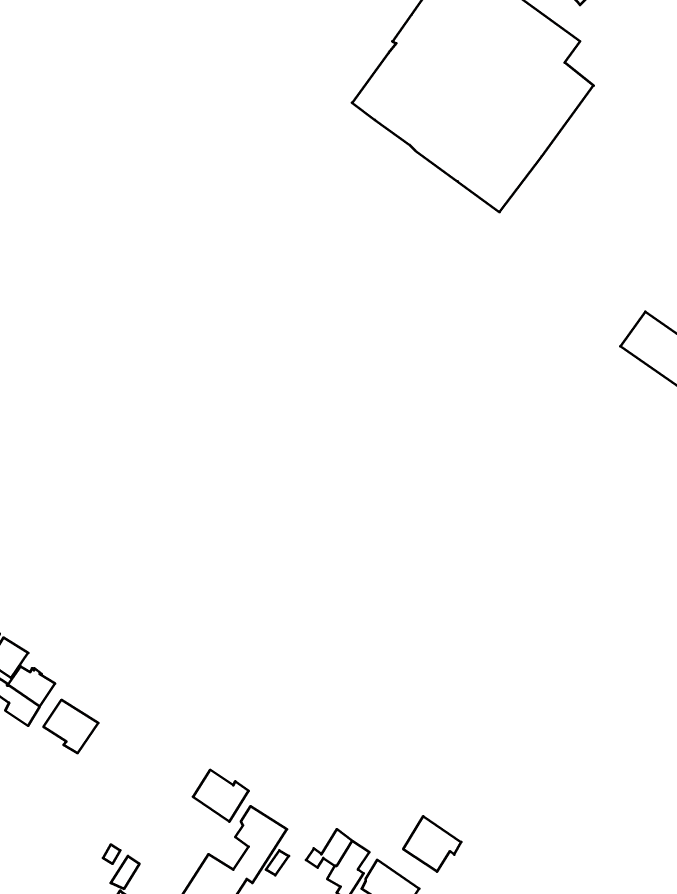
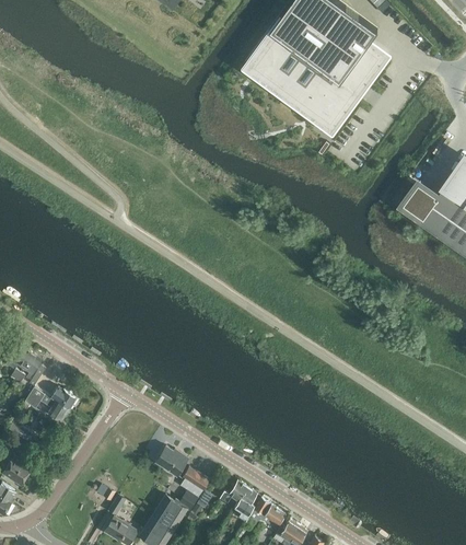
building: [44,700,98,753] -> none
building: [403,816,461,872] -> none

